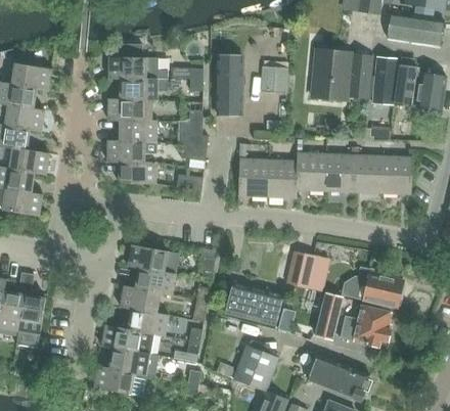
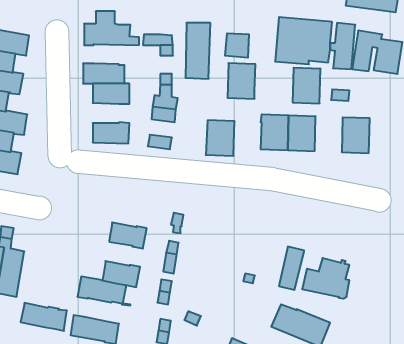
building: [119,79,167,101] -> none
building: [106,140,156,163] -> none
building: [353,155,382,193] -> [293,68,321,103]
building: [267,161,297,198] -> [228,63,255,99]
building: [127,244,179,274] -> none
building: [286,253,322,291] -> none
building: [343,268,402,308] -> none
building: [225,283,282,325] -> none
building: [120,285,160,314] -> none
building: [233,346,277,391] -> none
building: [108,348,158,377] -> [21,303,67,331]

